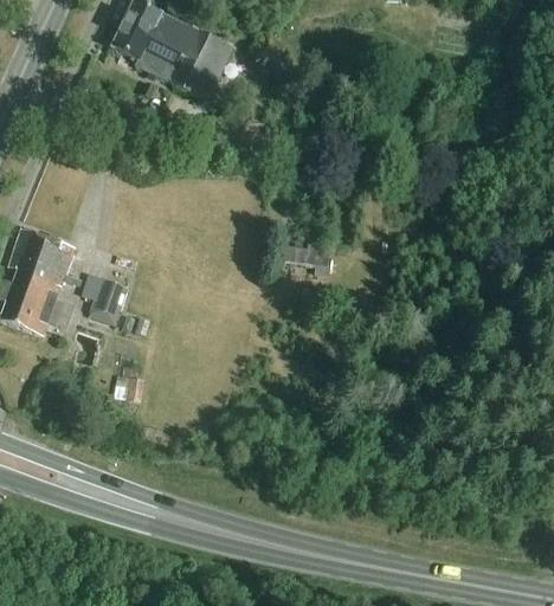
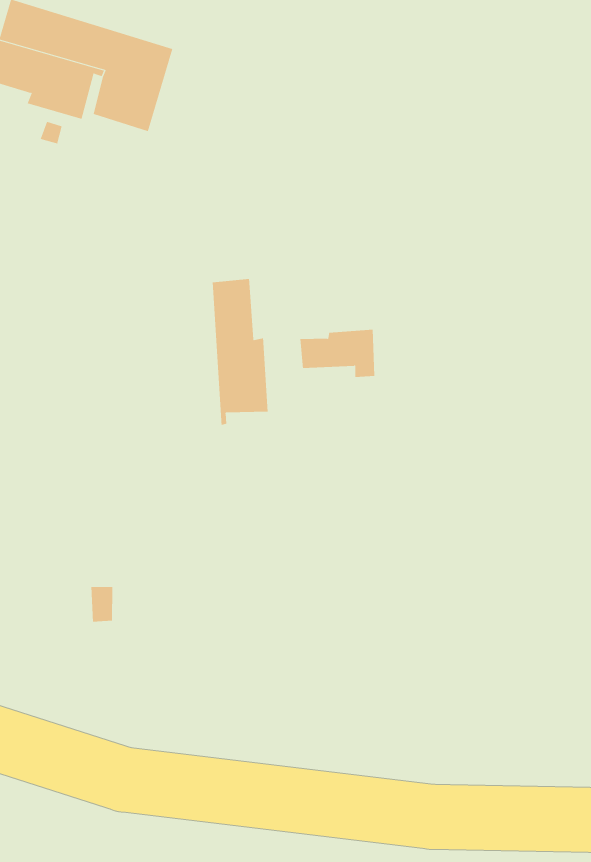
building: none -> [212,278,268,426]
building: [89,276,128,323] -> none

